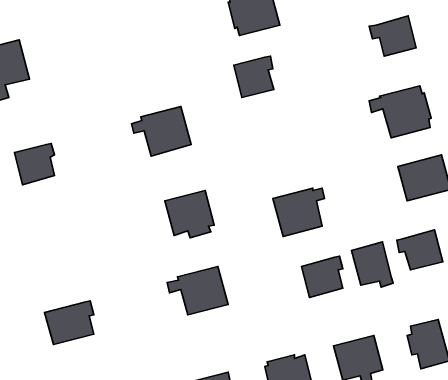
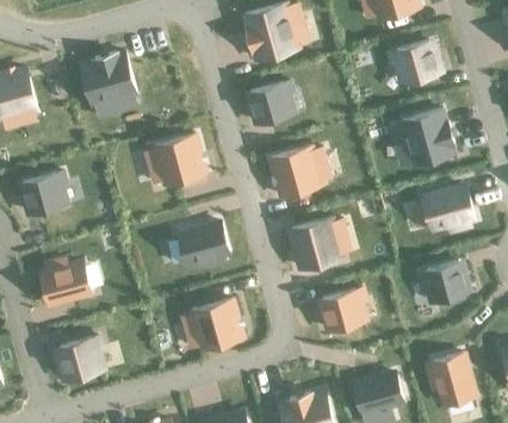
building: none -> [81,51,137,117]
building: none -> [272,149,326,197]
building: none -> [41,256,93,306]
building: [351,242,393,287] -> none

